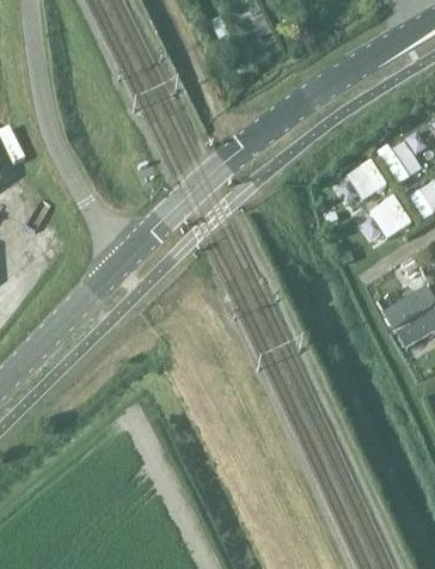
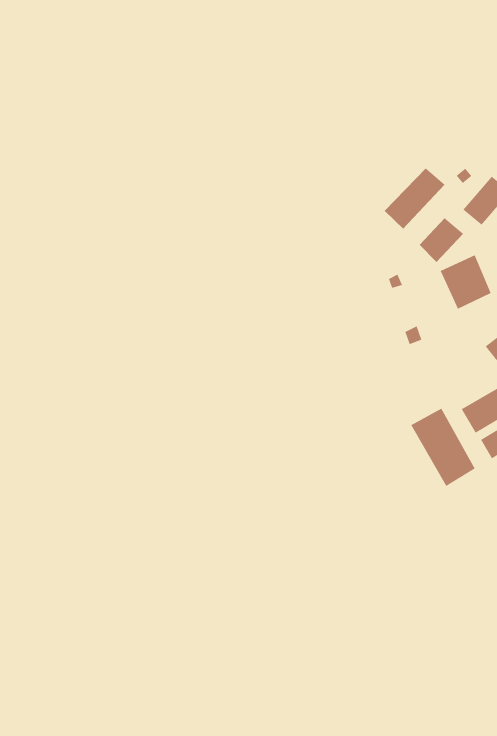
building: none -> [384,167,445,230]
building: none -> [410,408,475,487]

